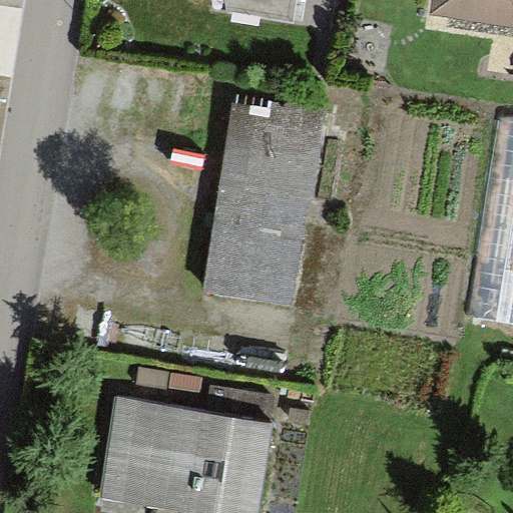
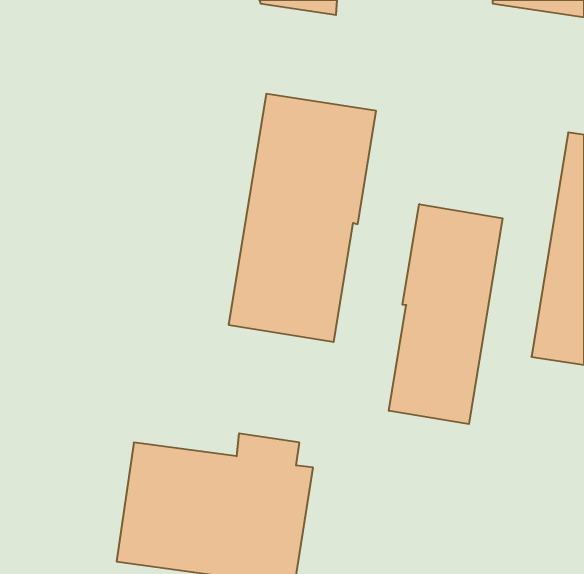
building: none -> [389,204,502,424]

